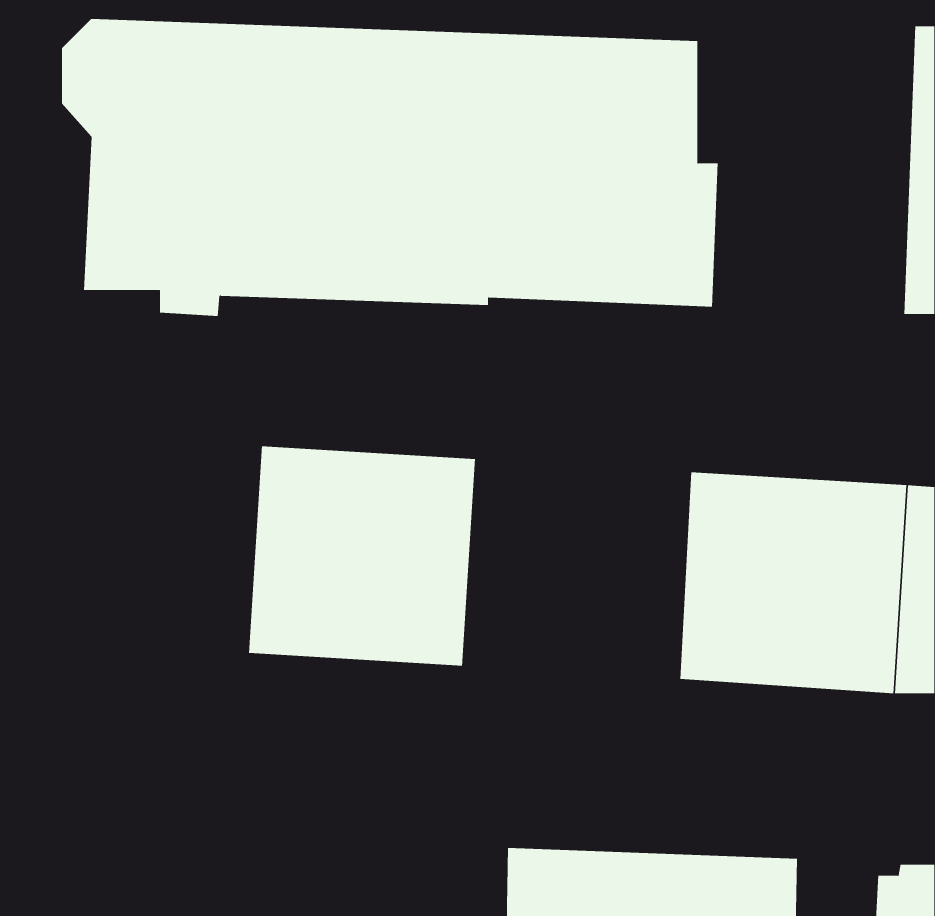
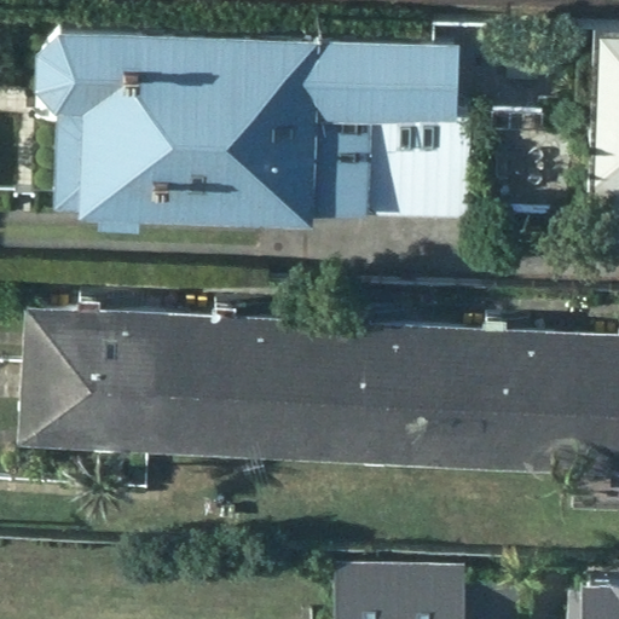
building: none -> [22,301,170,446]
building: none -> [302,319,451,463]

